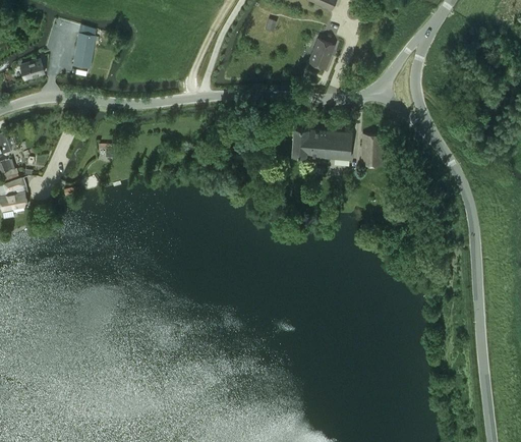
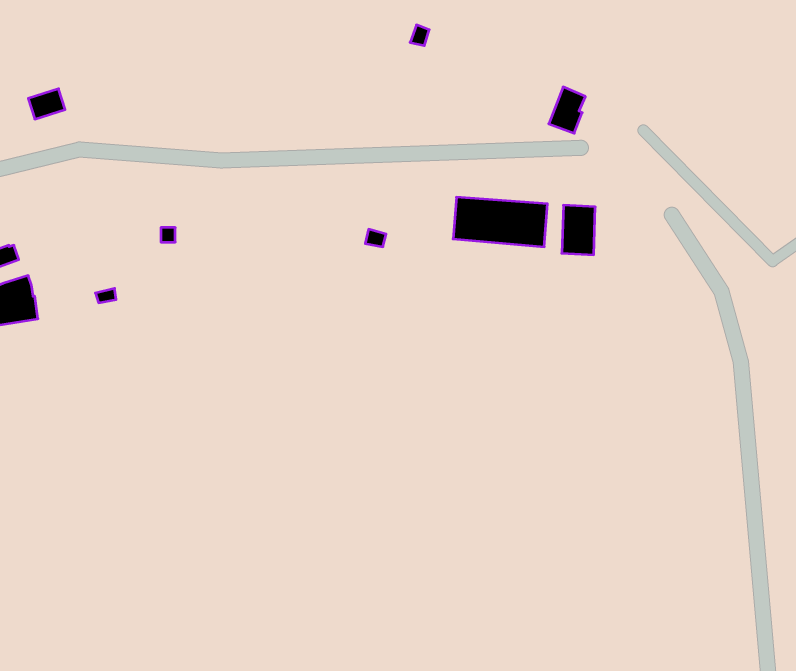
building: [73,34,96,69] -> none
building: [309,40,333,69] -> [549,87,585,133]

